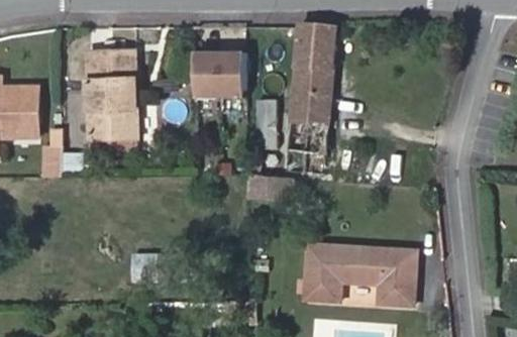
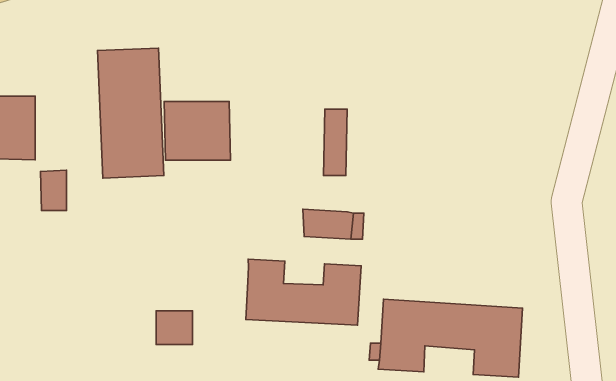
building: [285,20,337,174] -> none
building: [194,52,245,98] -> [164,102,230,160]
building: none -> [246,259,361,325]

